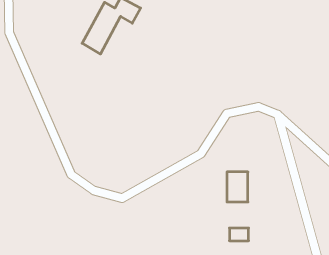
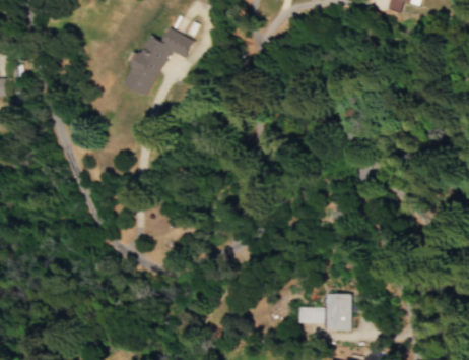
building: [227,172,248,202] -> [327,295,352,332]

